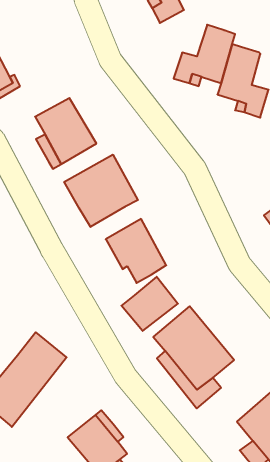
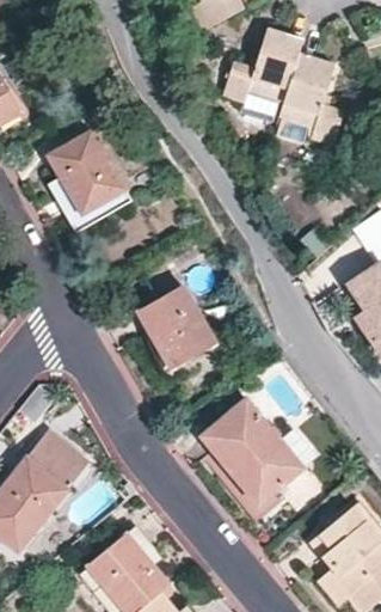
building: [64,155,138,227] -> none
building: [121,277,178,331] -> none

